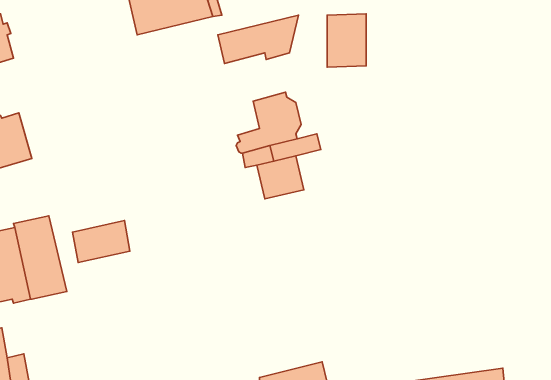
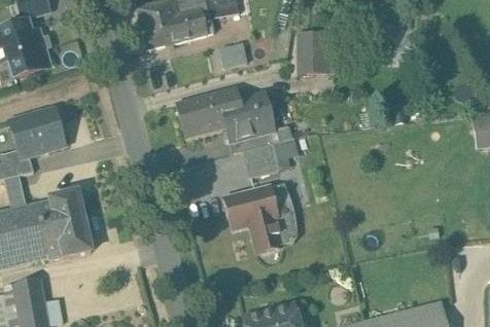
building: none -> [176,87,244,137]
building: none -> [222,184,297,251]
building: [73,220,130,263] -> none

